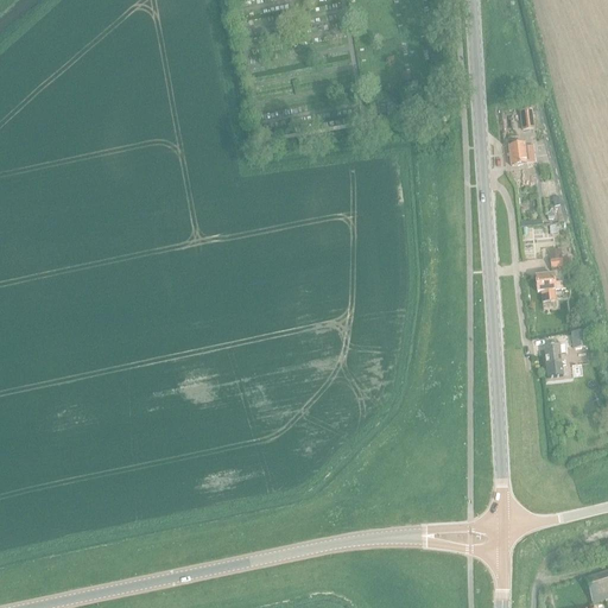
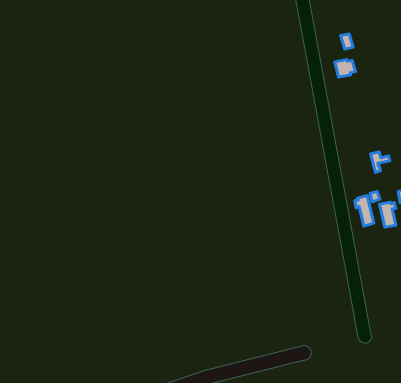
building: none -> [355,195,374,226]

